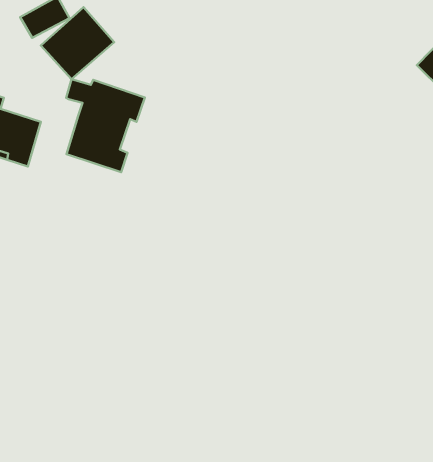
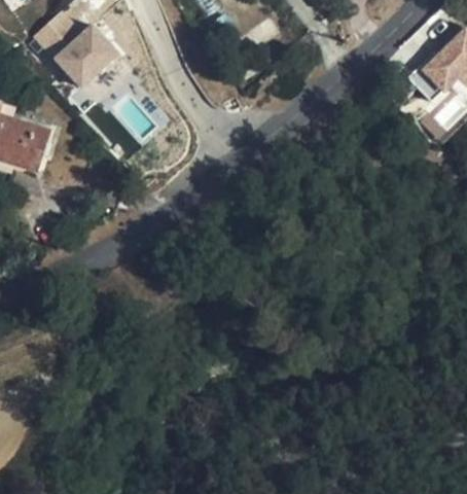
building: [66,79,145,172] -> none

